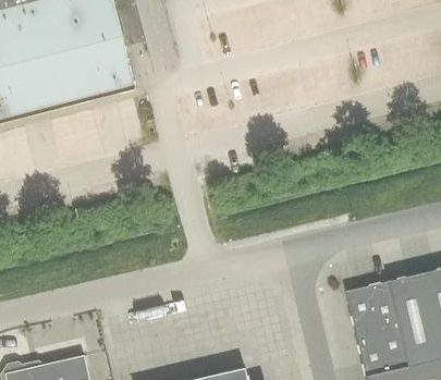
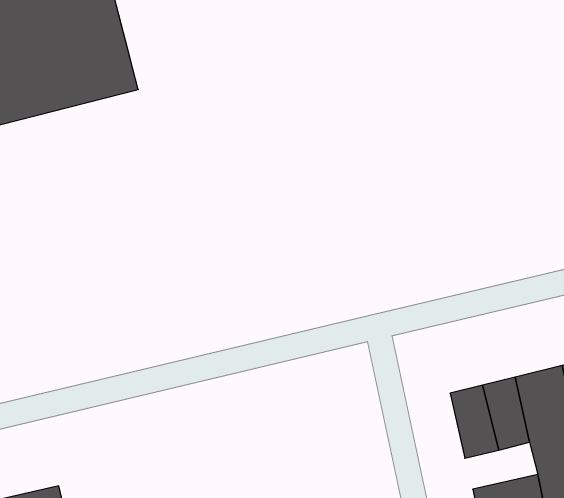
building: [356,324,405,356] -> none

